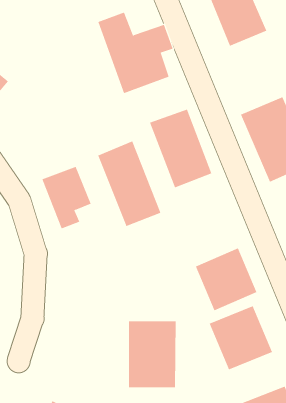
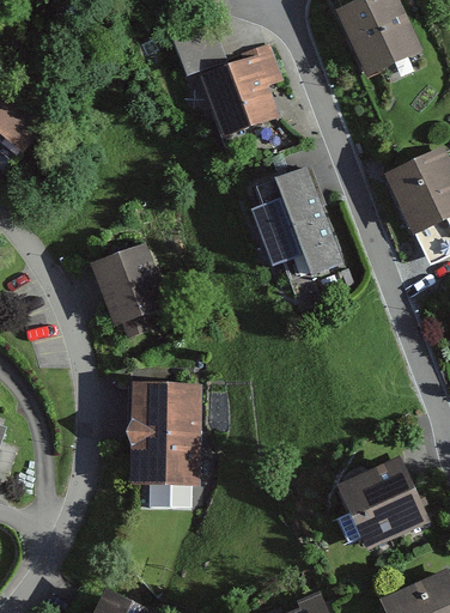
building: [98,140,161,227] -> none
building: [195,247,257,311] -> none
building: [128,321,177,388] -> [130,388,201,486]

